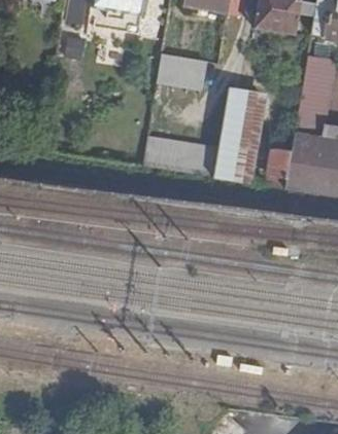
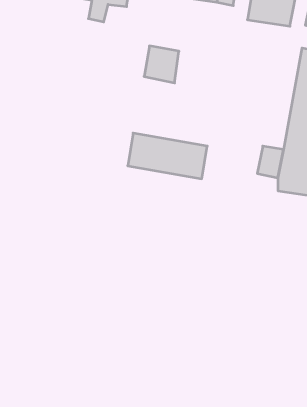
building: [213,89,262,182] -> none

